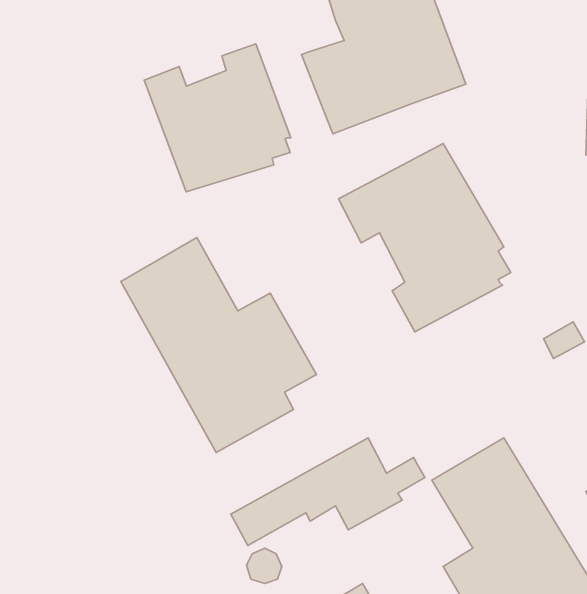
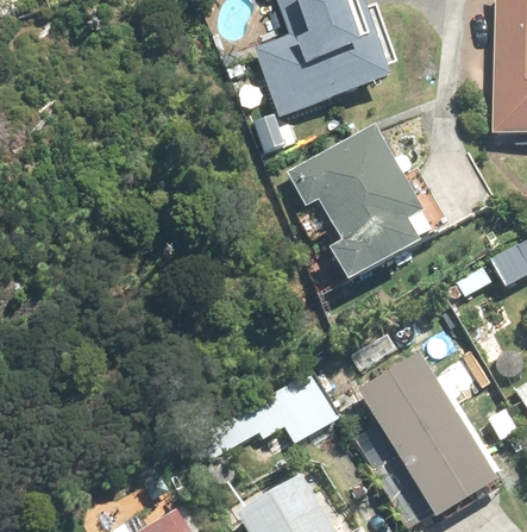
building: [144,44,291,192] -> none
building: [121,238,317,453] -> none

